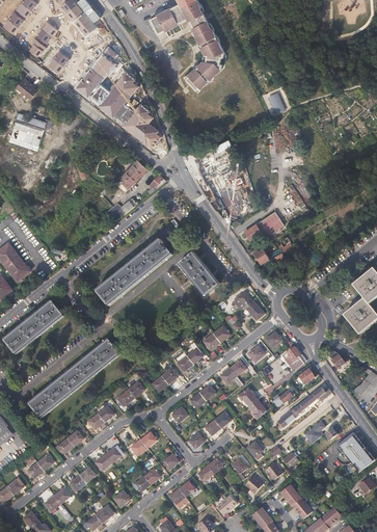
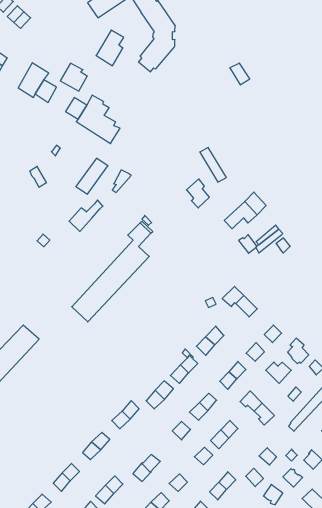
building: [90,46,117,78] -> [96,30,124,66]
building: [99,86,129,117] -> none
building: [178,251,218,295] -> none
building: [26,338,119,418] -> none

